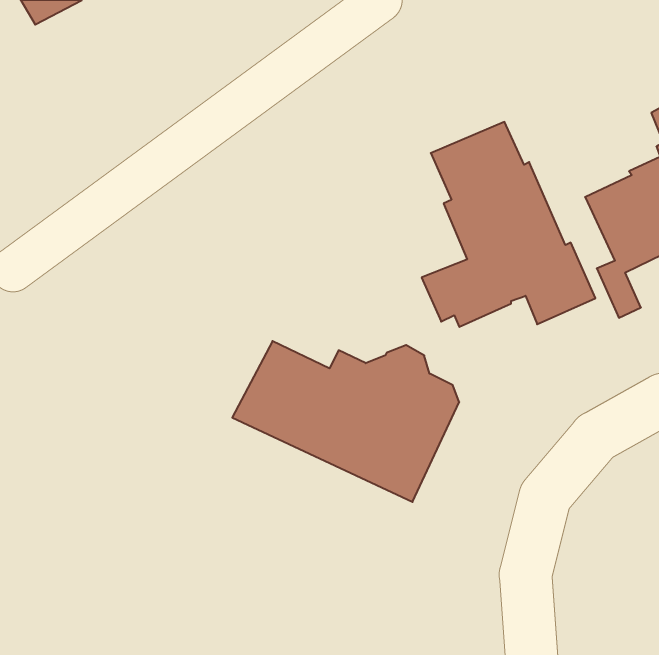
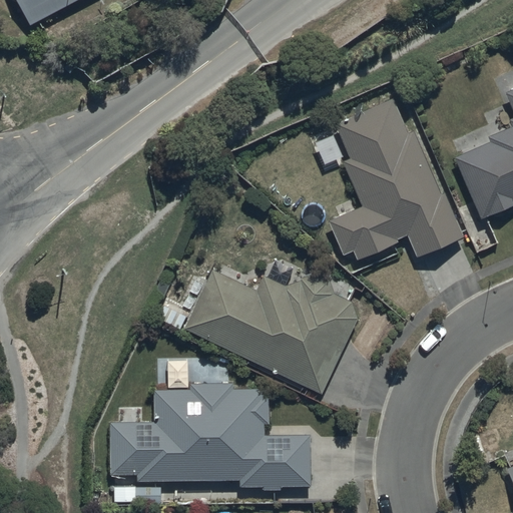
building: none -> [110,384,312,492]

